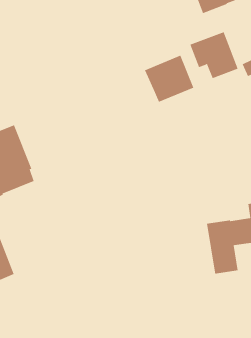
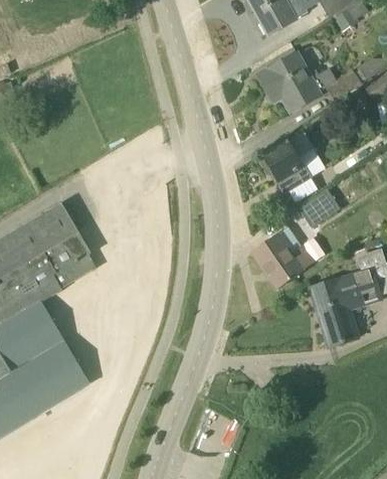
building: [144,55,194,102] -> [262,131,326,192]
building: none -> [299,189,340,227]
building: none -> [253,233,314,288]

